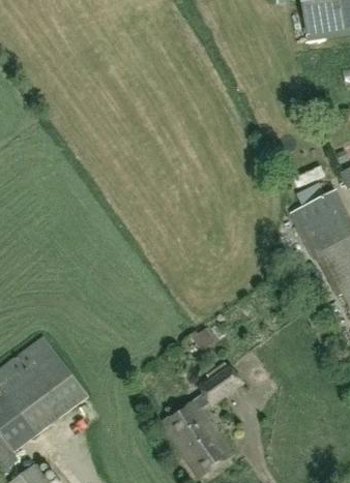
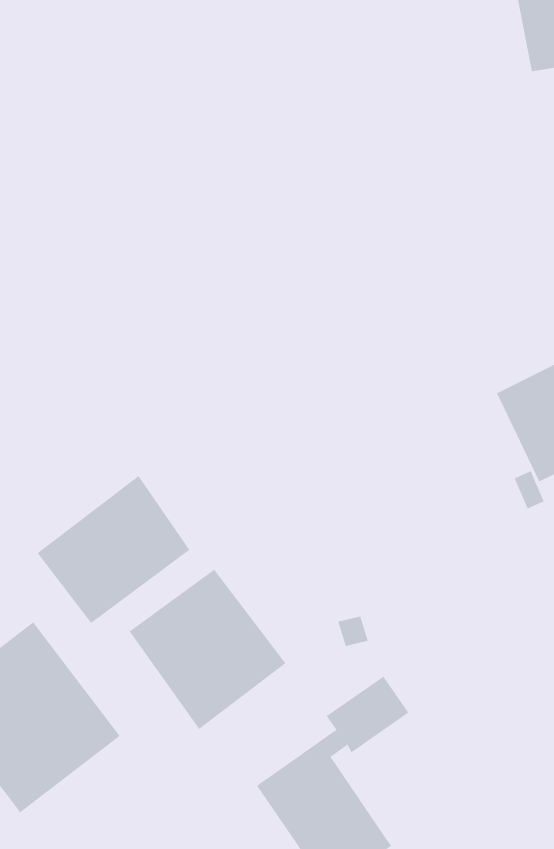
building: none -> [37,475,190,624]
building: none -> [129,569,286,730]

